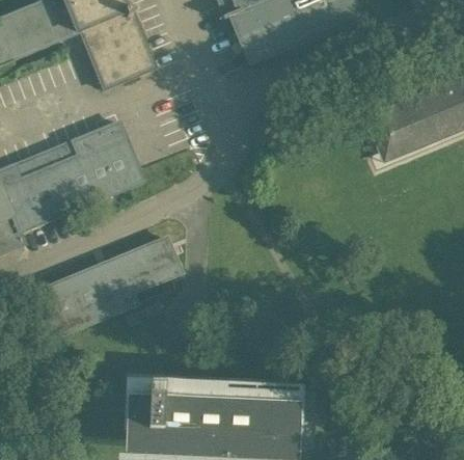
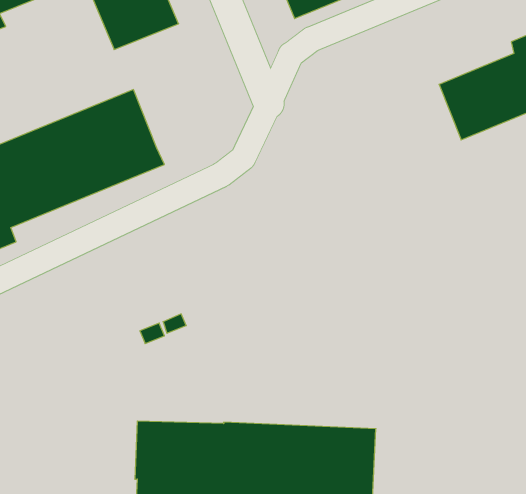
building: [37,236,180,334] -> none

